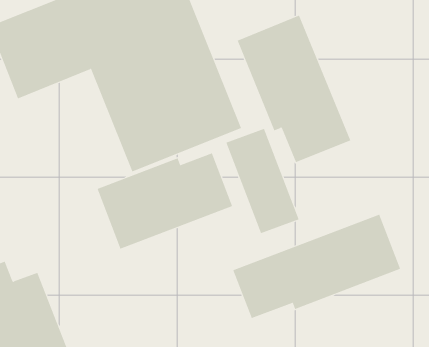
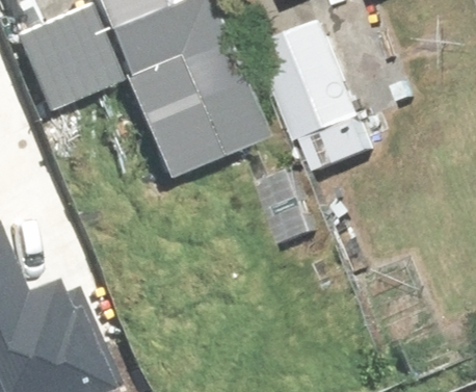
building: [97,153,233,249] -> none
building: [233,214,401,319] -> none

